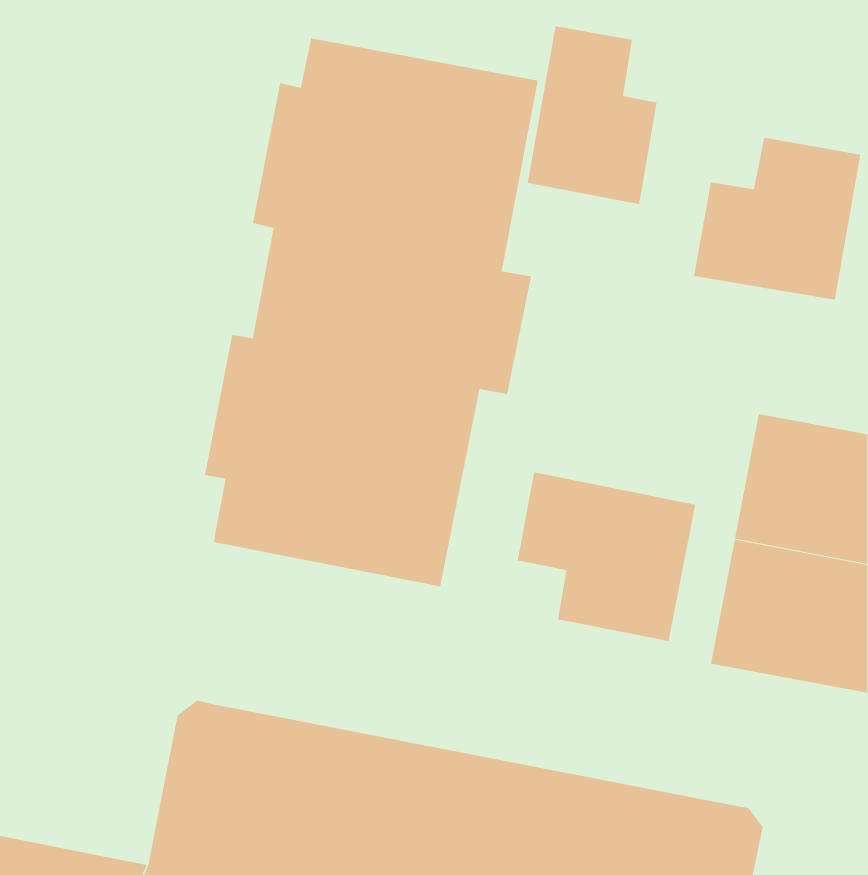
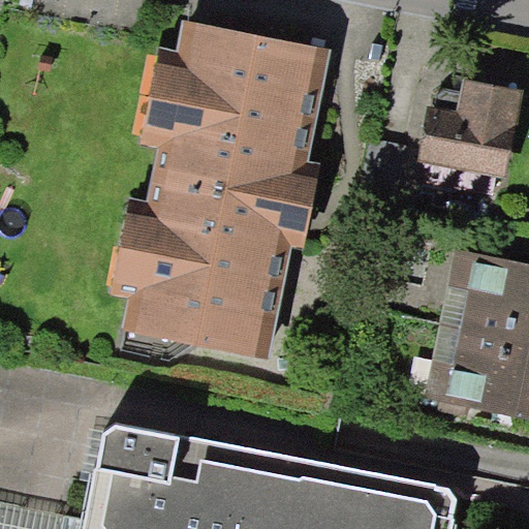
building: [527,26,657,205] -> none
building: [517,471,696,642] -> none

